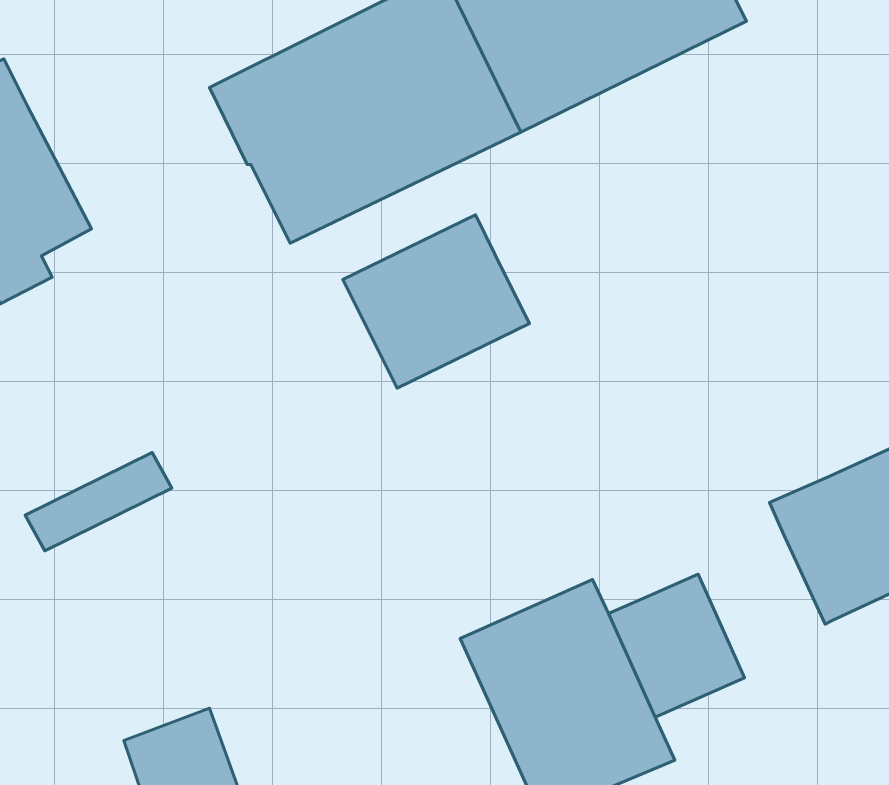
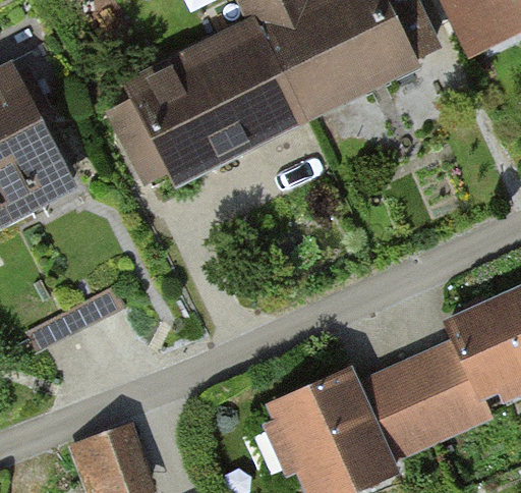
building: [343,215,529,388] -> none
building: none -> [408,345,488,427]

